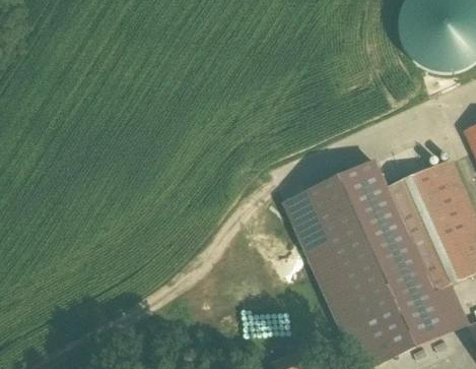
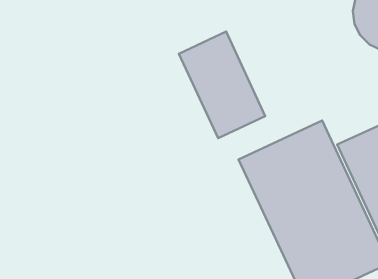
building: none -> [179,31,265,138]

